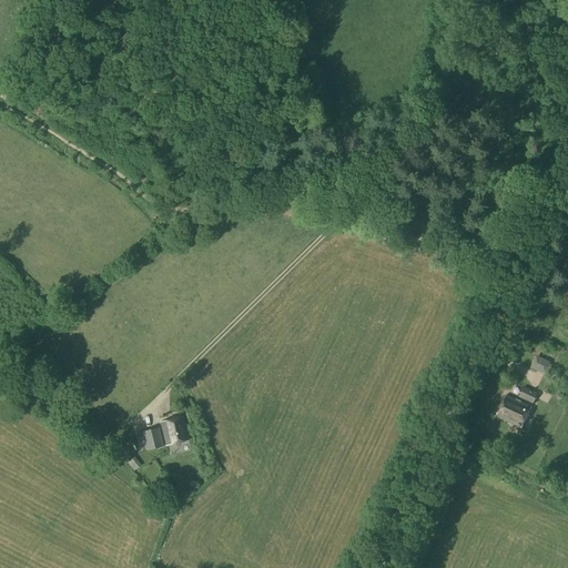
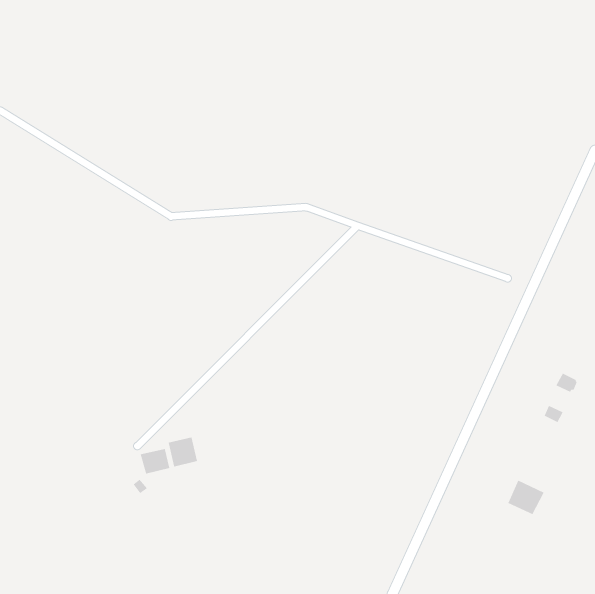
building: [496,394,531,427] -> [507,480,545,515]

